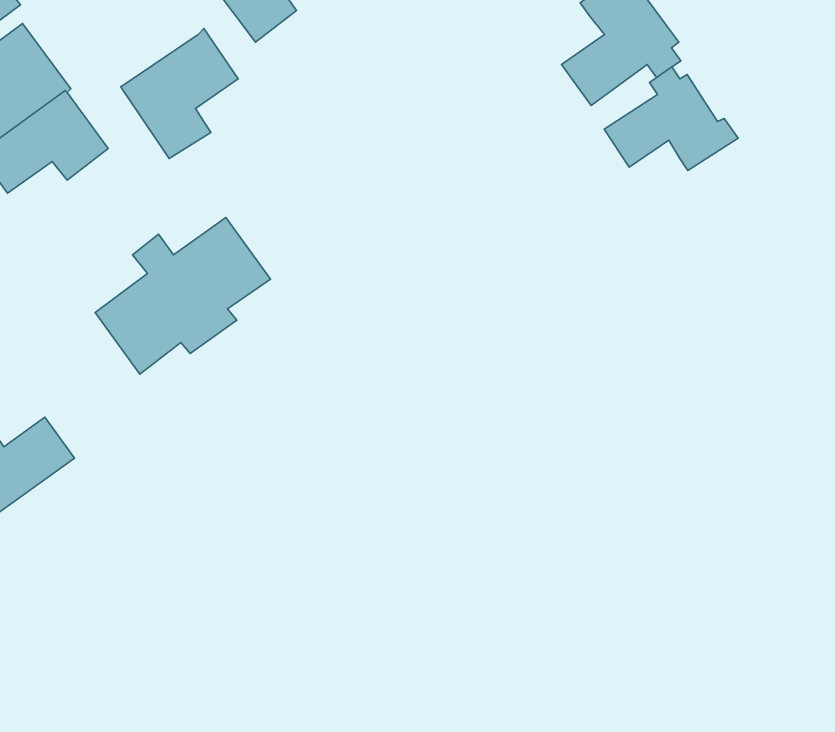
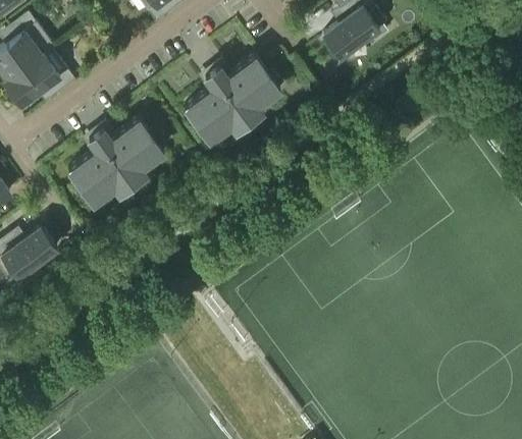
building: [121,29,238,158] -> none
building: [604,67,738,170] -> none
building: none -> [185,59,280,144]

